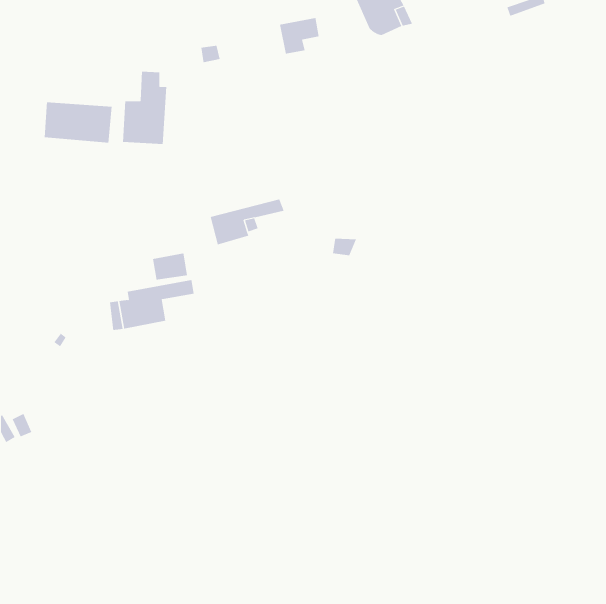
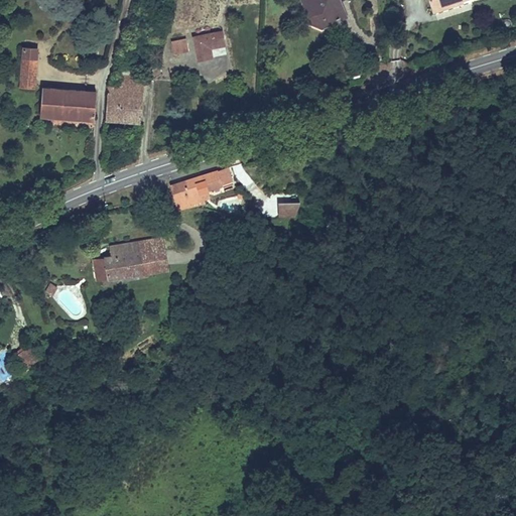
building: [279,17,320,54] -> [190,29,225,60]
building: none -> [17,45,37,89]
building: [152,253,188,280] -> [138,250,168,273]

